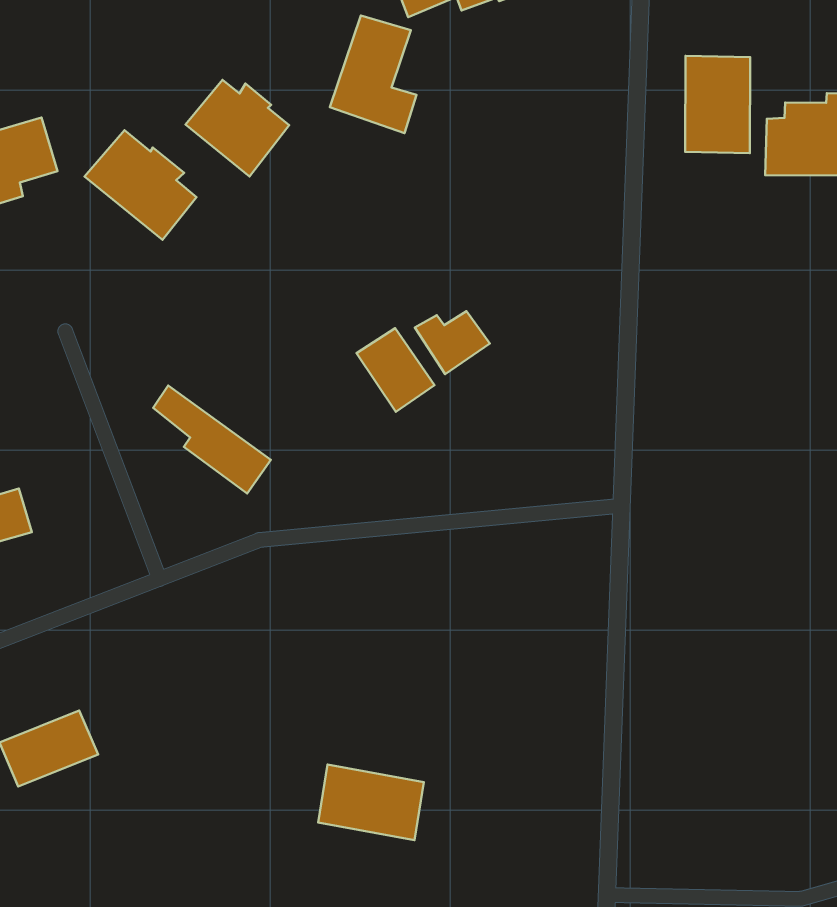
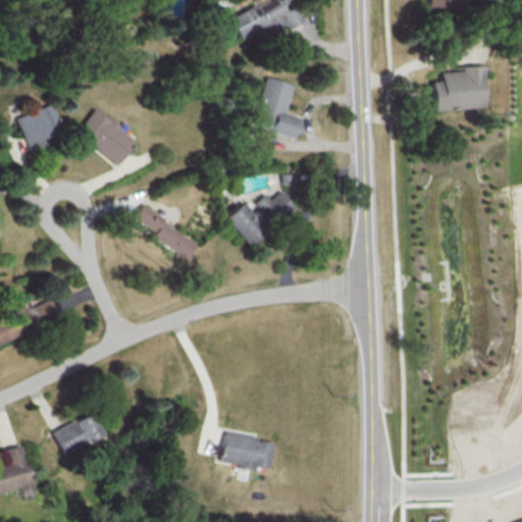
building: [330,15,416,133] -> [256,77,301,138]
building: [685,56,750,153] -> none
building: [185,80,289,177] -> none
building: [153,385,271,494] -> [138,206,201,260]

